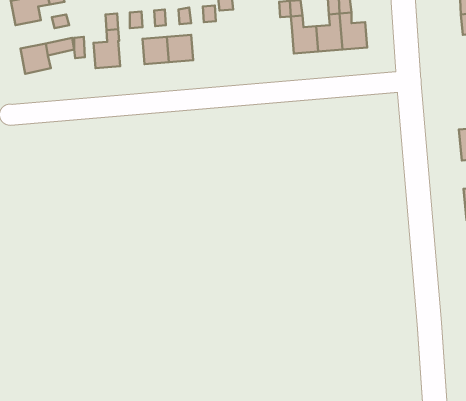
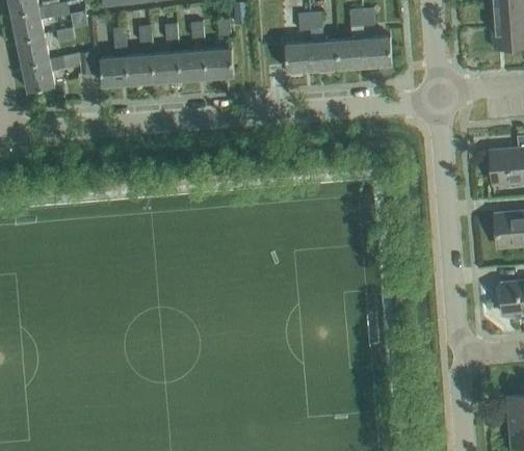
building: none -> [18,34,50,64]
building: none -> [285,42,314,72]
building: none -> [205,48,234,77]
building: none -> [127,54,155,83]

